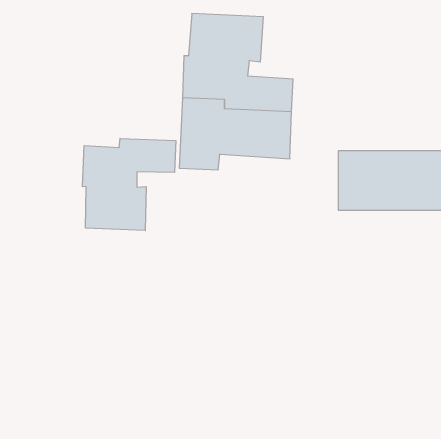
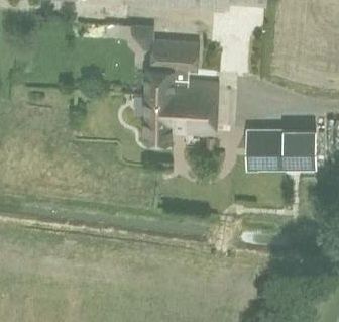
building: [82,138,176,231] -> none

